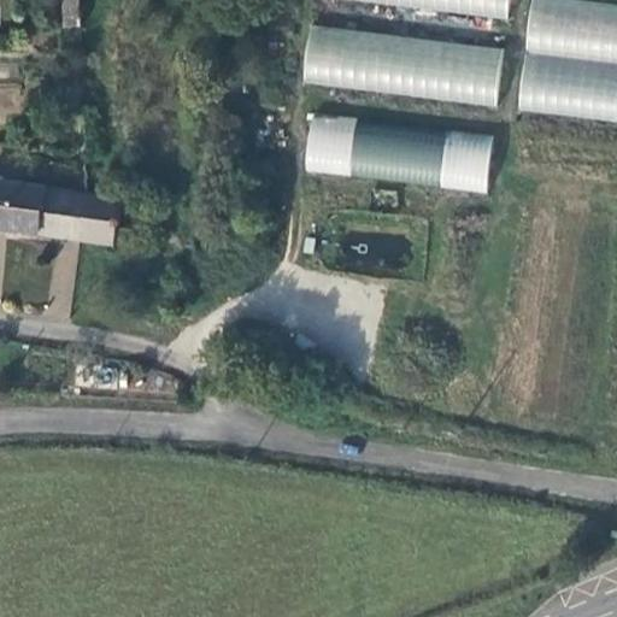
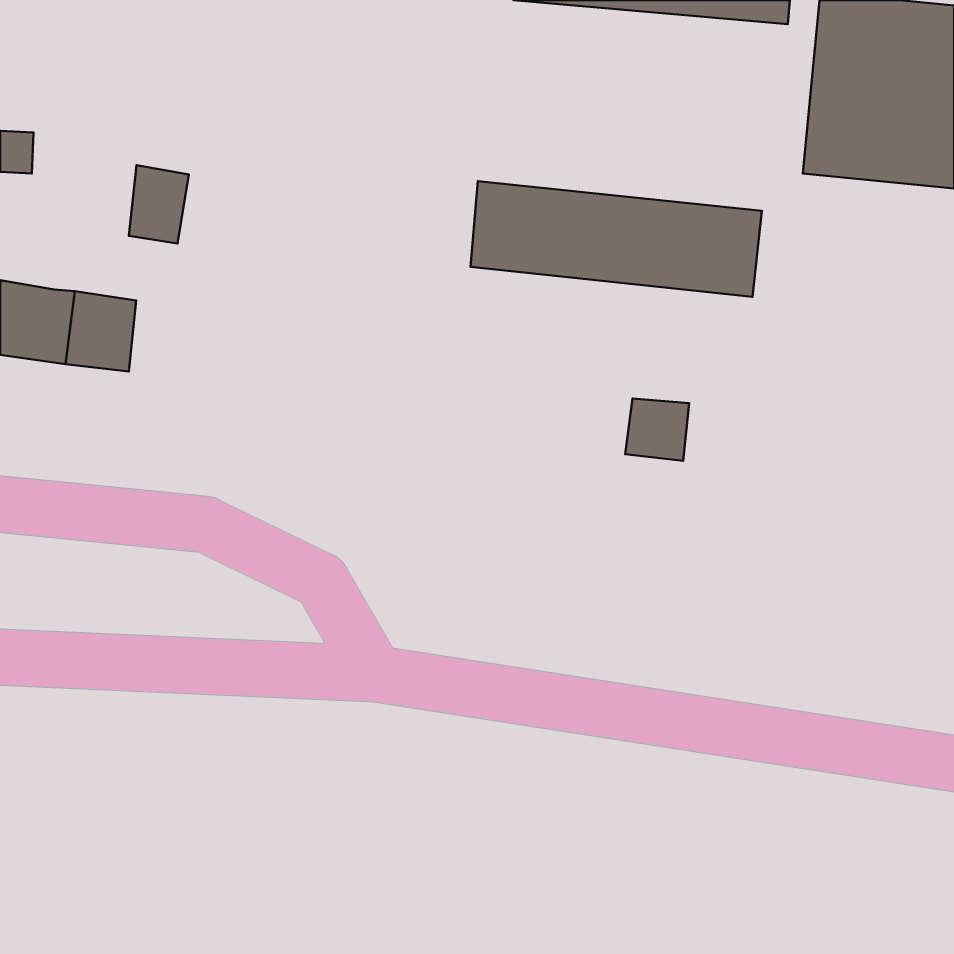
building: [301,25,504,106] -> none
building: [83,194,122,245] -> [129,165,189,243]
building: none -> [625,398,689,461]

